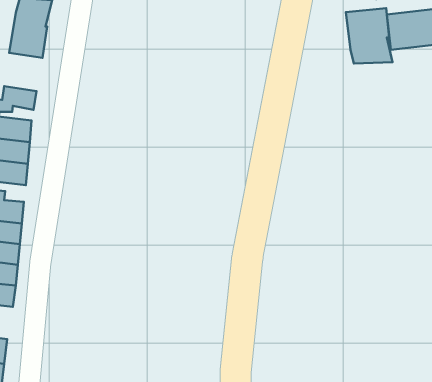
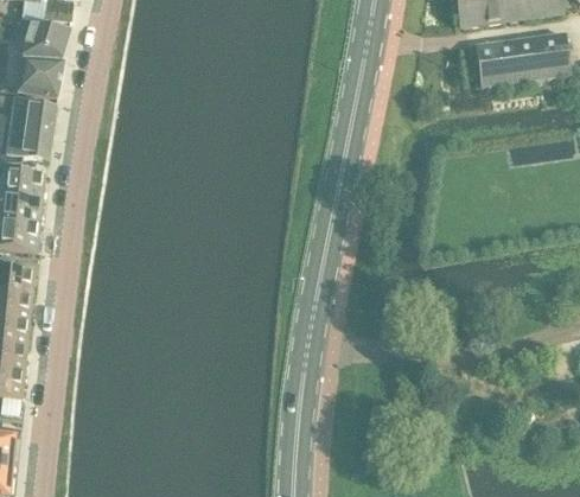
building: [346,8,393,64] -> none
building: none -> [8,95,52,135]

